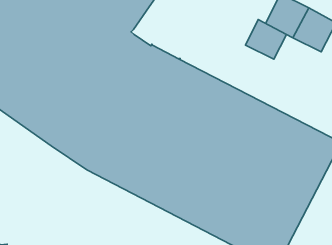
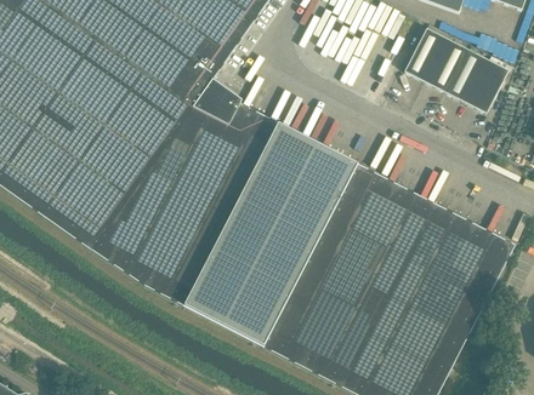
building: [245,20,287,59] -> none

